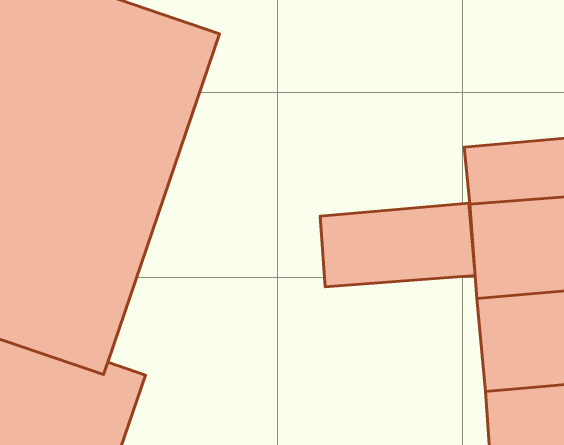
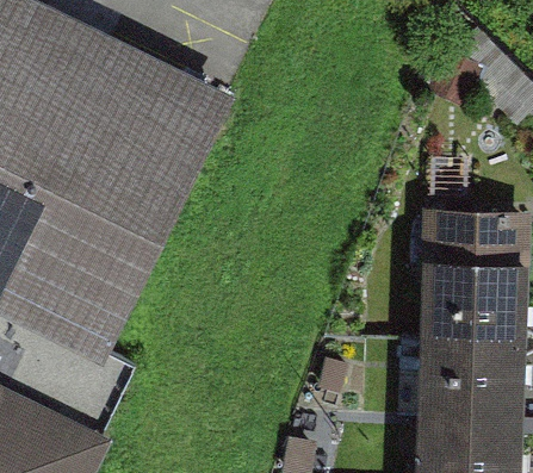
building: [320,203,475,287] -> none

